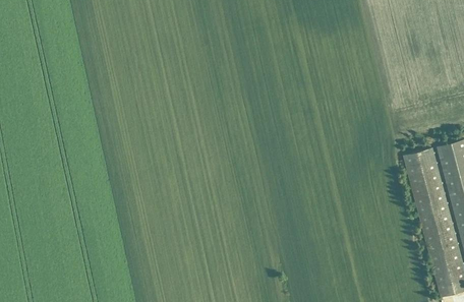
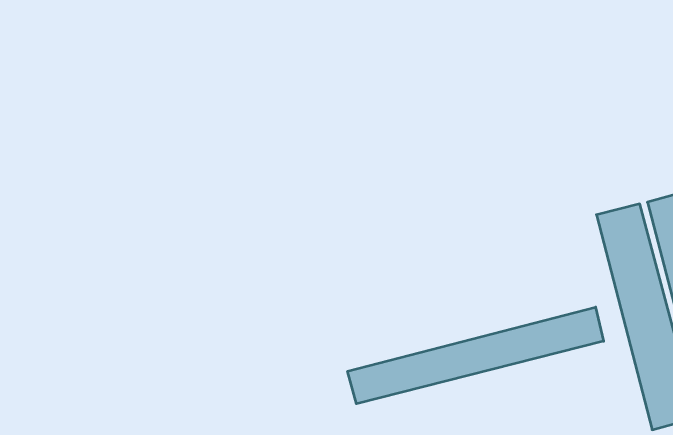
building: none -> [348,307,604,404]

